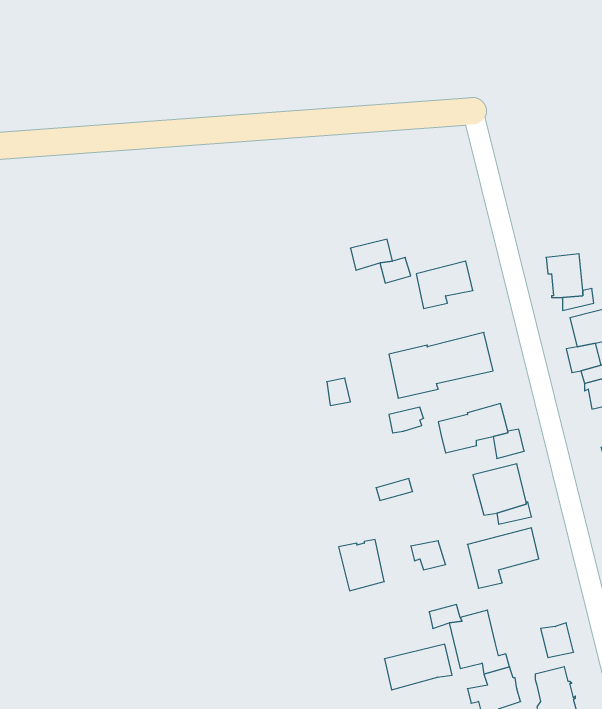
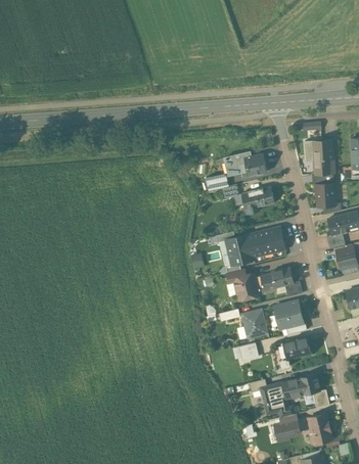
building: none -> [304,140,332,175]
building: none -> [223,152,266,177]
building: none -> [234,274,259,300]
building: [339,540,384,591] -> [241,310,267,338]
building: [384,644,452,690] -> [281,374,319,400]

